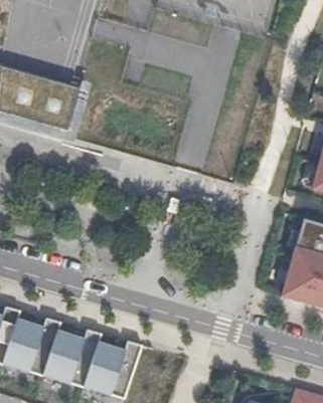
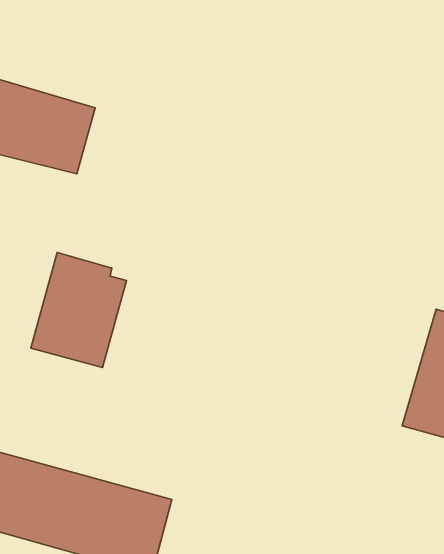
building: none -> [31,252,126,368]

